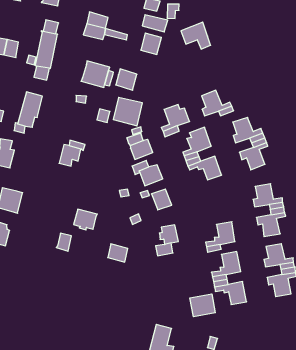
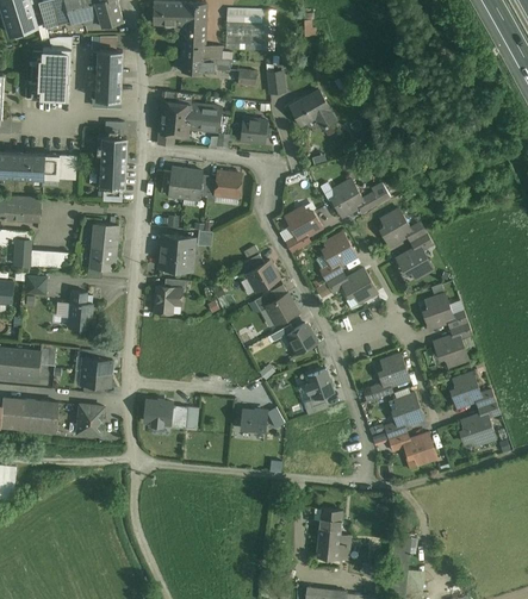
building: [142,15,168,32] -> [187,105,220,124]
building: [113,97,142,126] -> [157,236,193,270]
building: [74,209,97,230] -> [142,400,172,426]
building: [190,294,215,317] -> none

